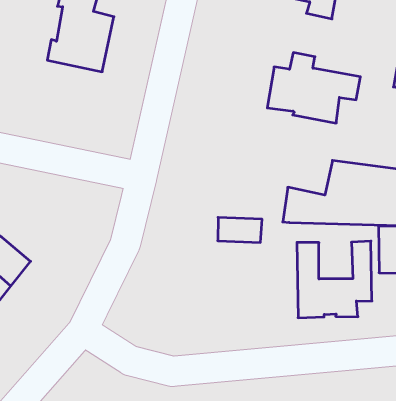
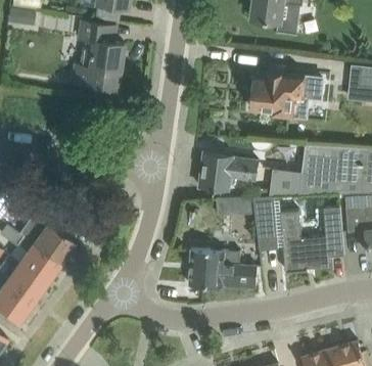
building: none -> [198,151,259,191]
building: none -> [253,197,278,250]
building: none -> [188,249,257,288]

